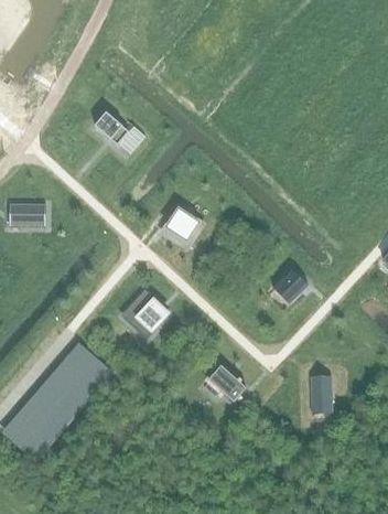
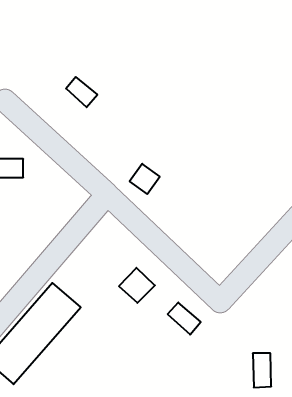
building: [272,269,308,303] -> none
building: [125,293,165,333] -> [119,268,155,303]
building: [311,375,332,414] -> [253,353,271,387]

